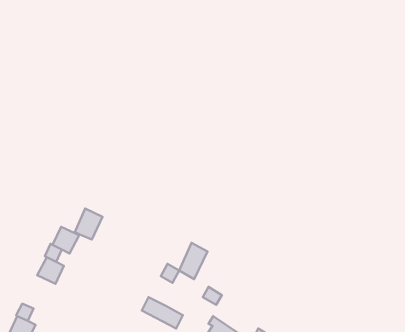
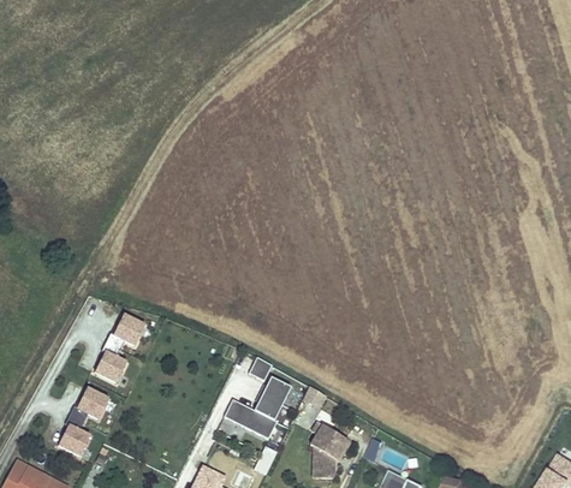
building: [75,209,102,239] -> none
building: [179,243,208,279] -> [256,375,292,421]
building: none -> [76,385,109,418]

